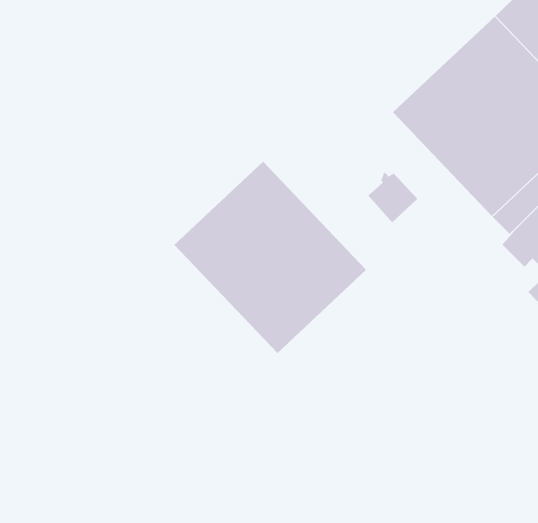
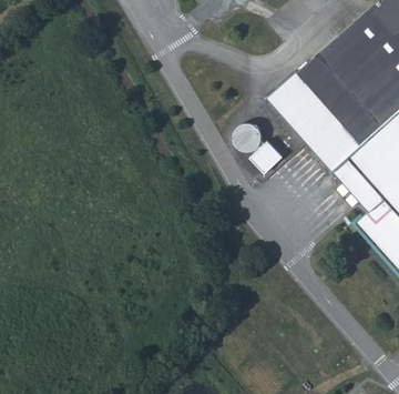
building: [173,161,367,354] -> none

